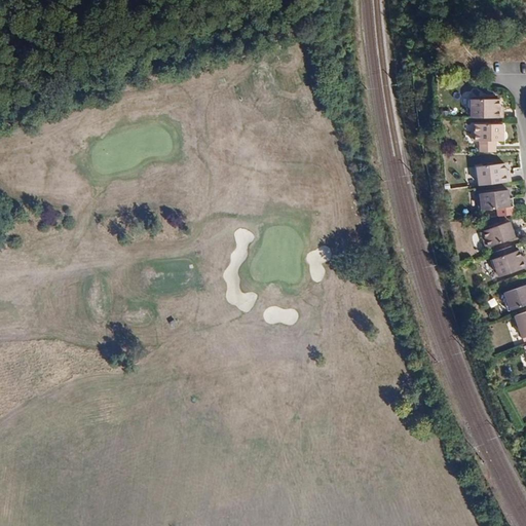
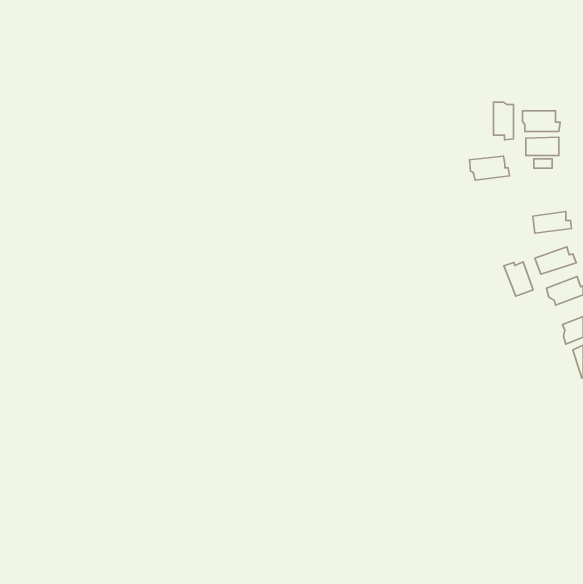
building: none -> [493,102,513,140]
building: [474,163,510,185] -> [469,156,509,180]
building: none -> [504,262,533,296]

